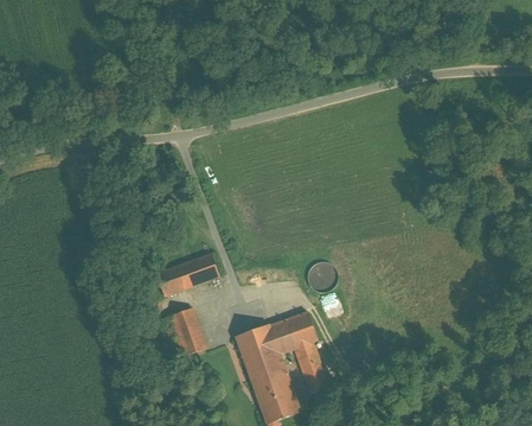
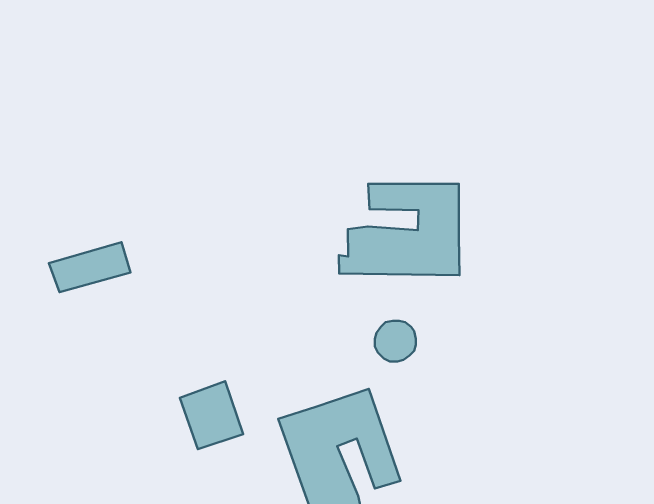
building: none -> [339,184,460,275]
building: [154,253,218,292] -> [49,242,130,292]

